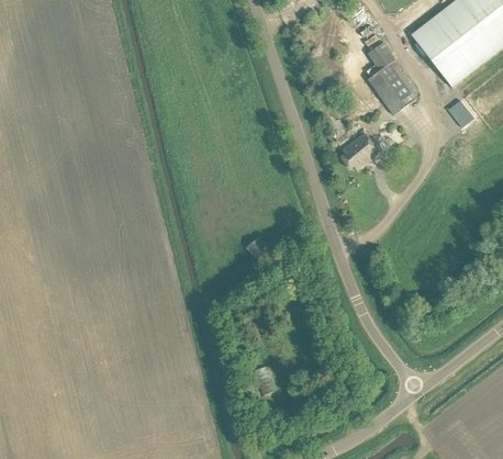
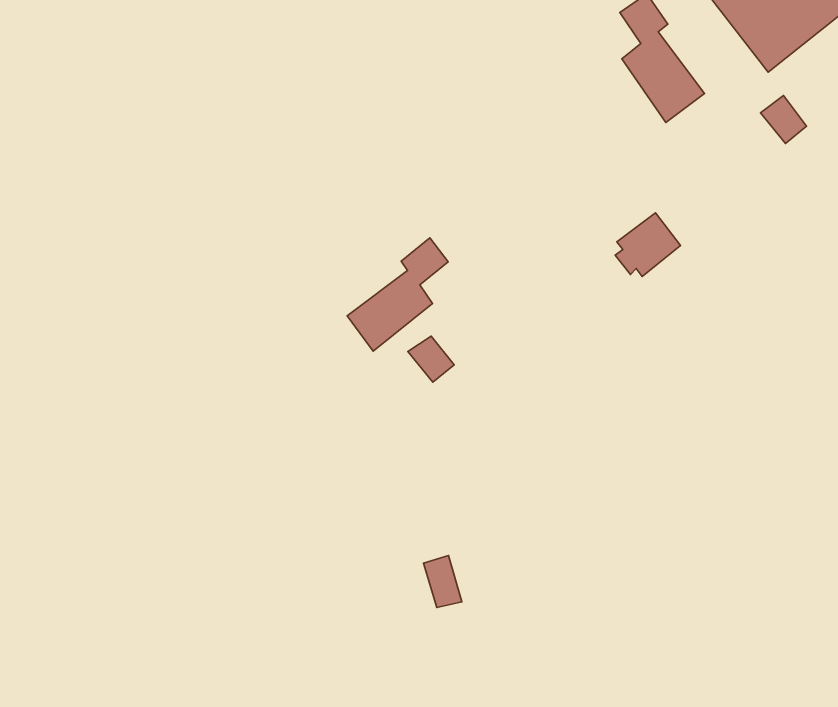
building: [342,133,379,169] -> [615,213,681,276]
building: none -> [347,238,448,351]

